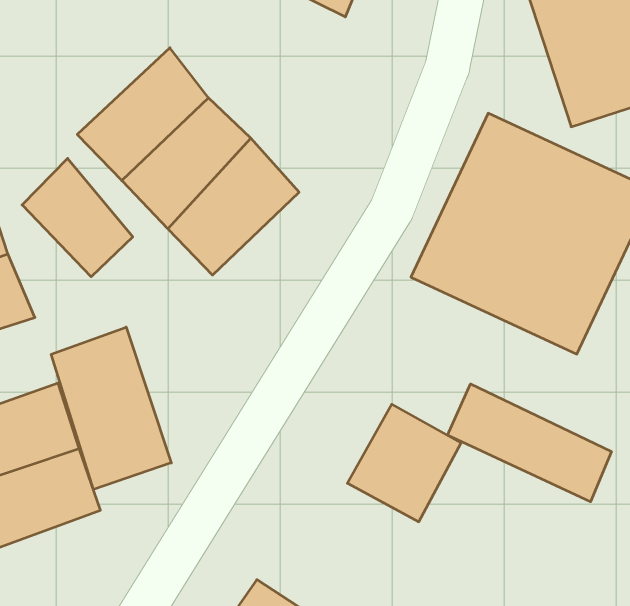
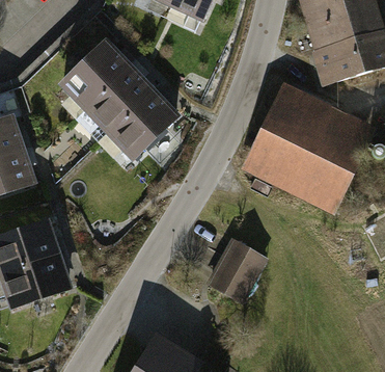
building: [22,158,133,277] -> none
building: [51,327,171,490] -> none
building: [448,384,611,502] -> none

